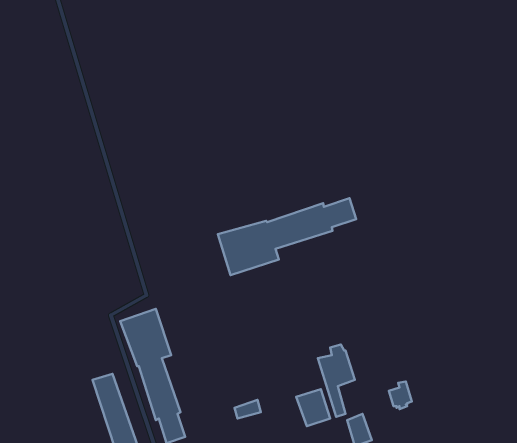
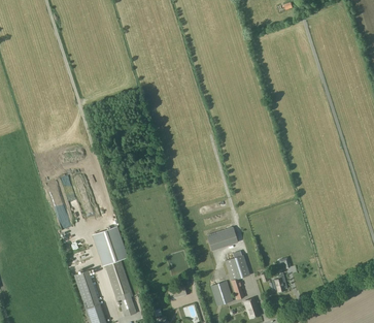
building: [218,198,356,275] -> none
building: none -> [207,227,238,251]

